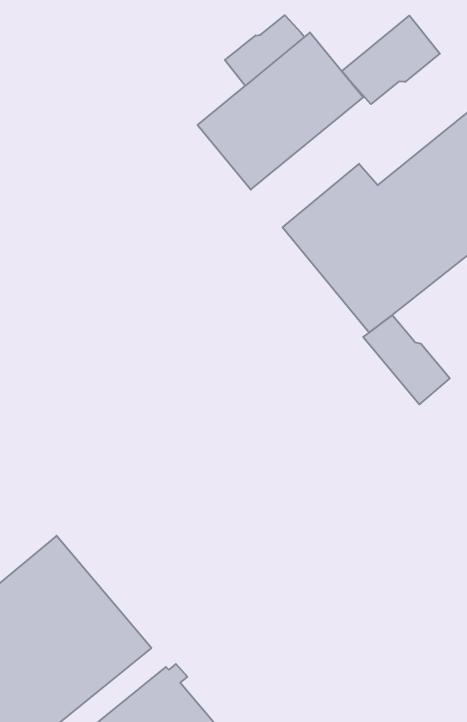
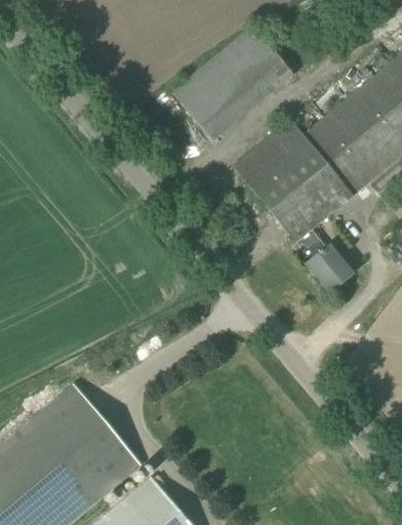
building: [225,15,305,86] -> none
building: [342,16,440,104] -> none

